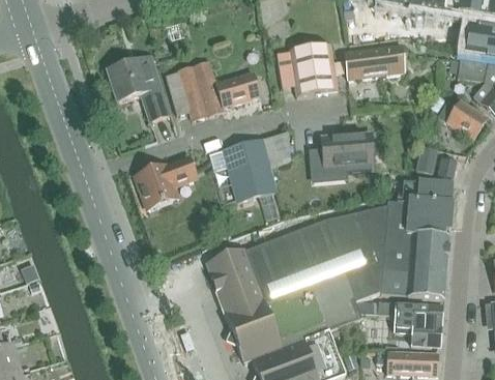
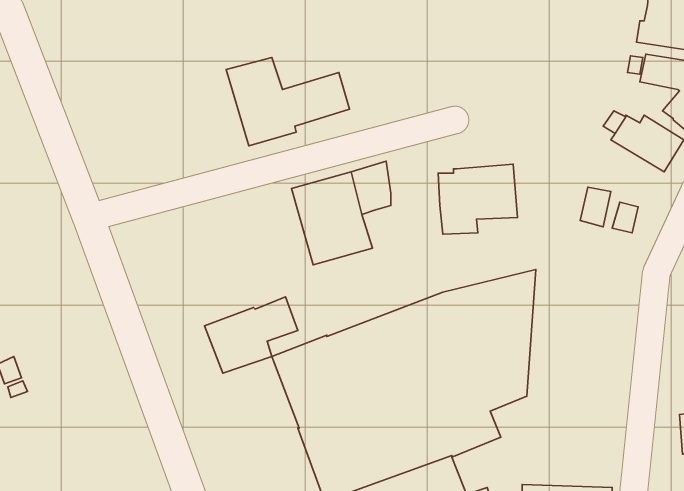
building: [278,42,405,95] -> none
building: [107,56,169,120] -> none
building: [134,156,197,208] -> [205,297,298,373]
building: [380,180,452,299] -> none
building: [378,300,442,346] -> none

